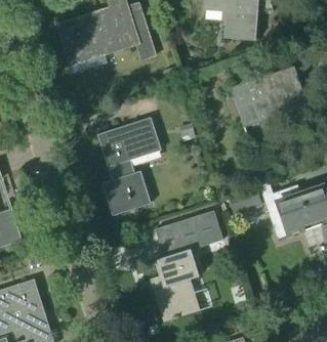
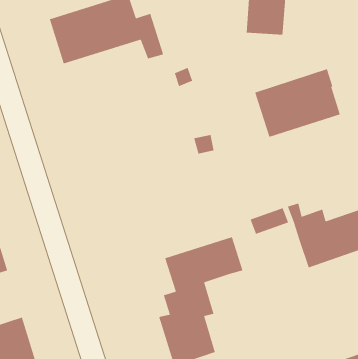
building: [97,117,161,215] -> none

